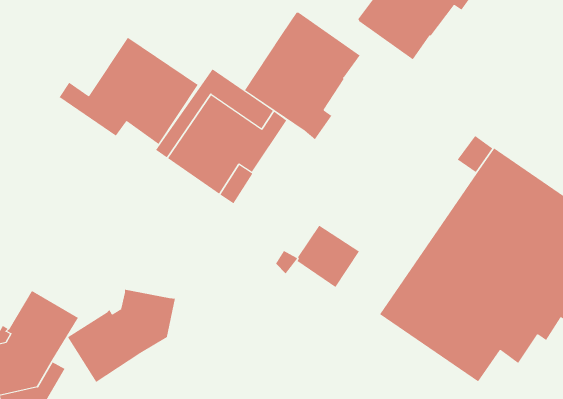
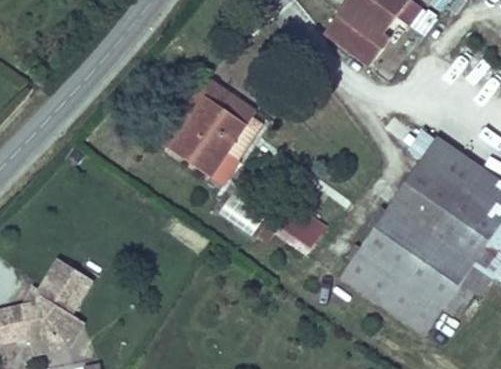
building: [244,12,360,140] -> none
building: [59,37,198,145] -> none
building: [67,289,176,383] -> none

